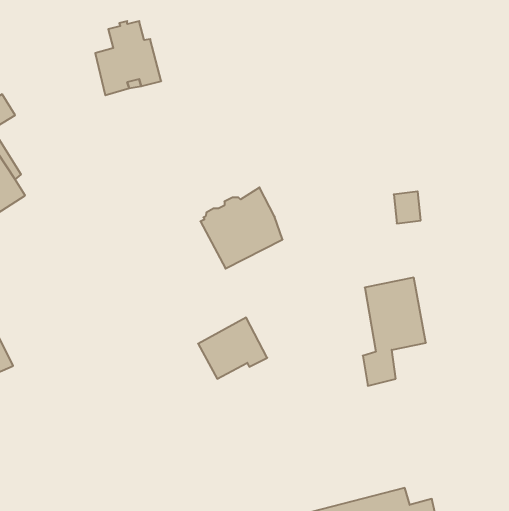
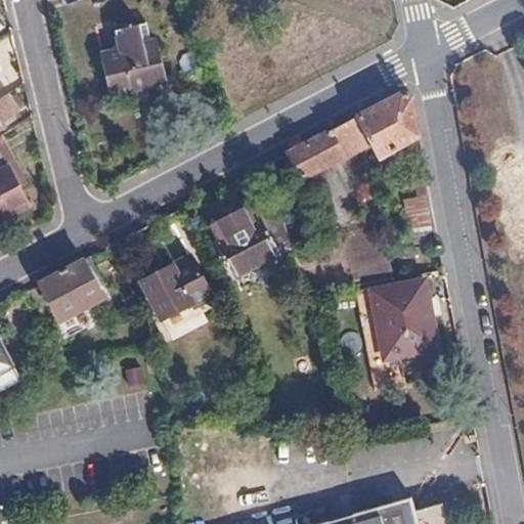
building: none -> [289,95,417,178]
building: none -> [39,260,101,320]
building: [198,318,267,379] -> [139,255,210,317]

